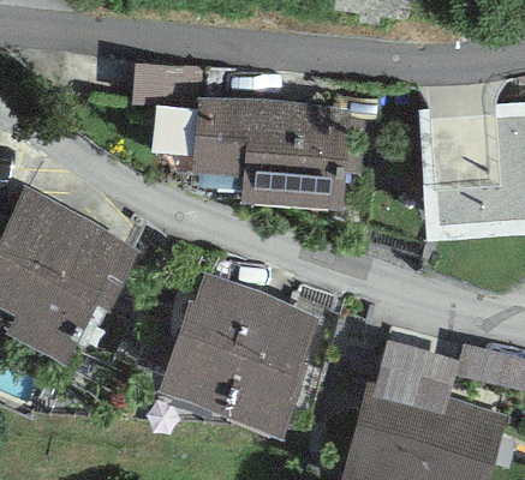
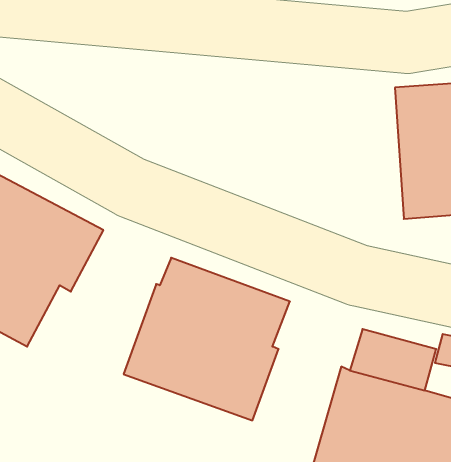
building: [193,97,352,206] -> none

